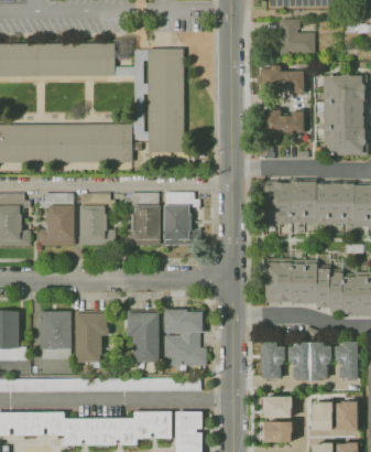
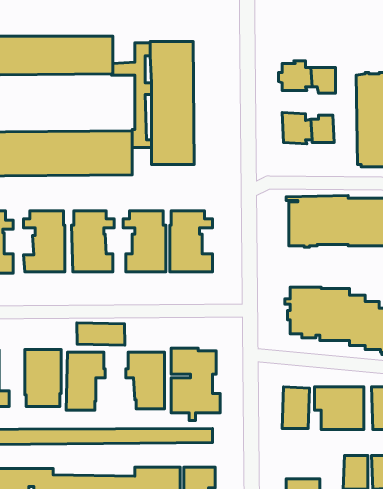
building: [280,20,314,55] -> none
building: none -> [77,323,125,345]
building: [261,396,291,418] -> none

